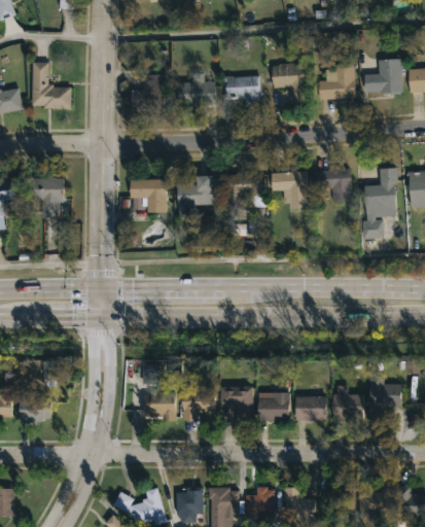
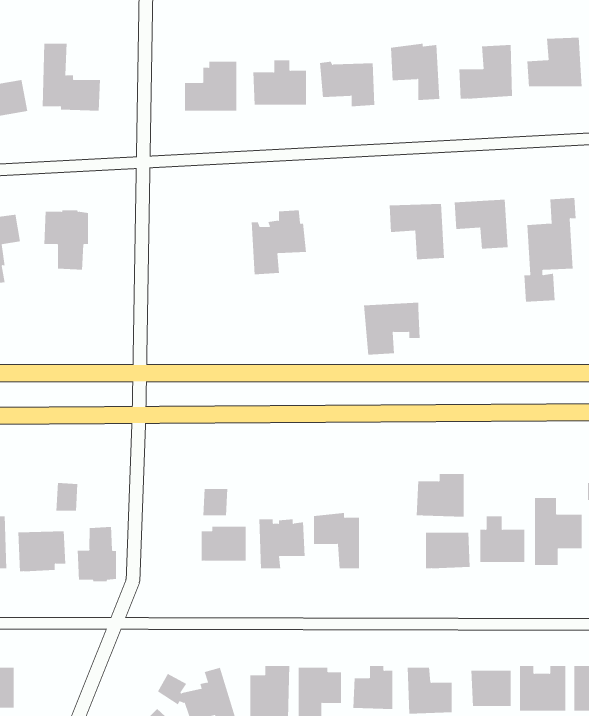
building: [222,173,261,209] -> [363,302,421,355]
building: [130,179,167,213] -> none
building: [257,391,290,421] -> [416,473,464,517]
building: none -> [77,526,117,582]

